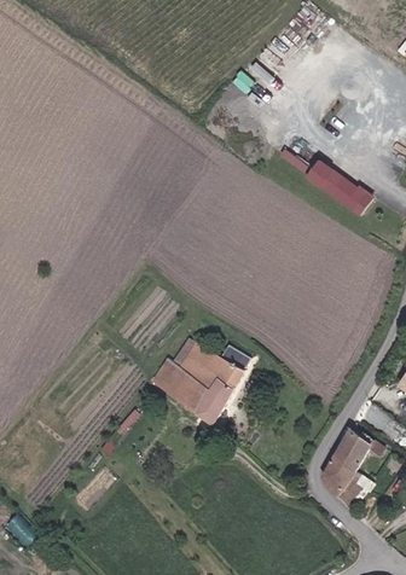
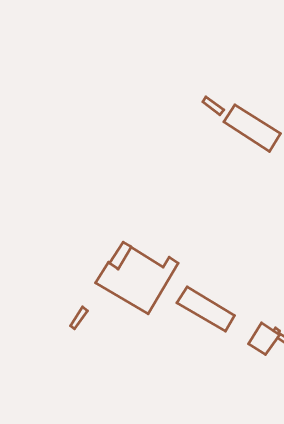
building: none -> [177,287,235,331]
building: [320,455,359,506] -> none

